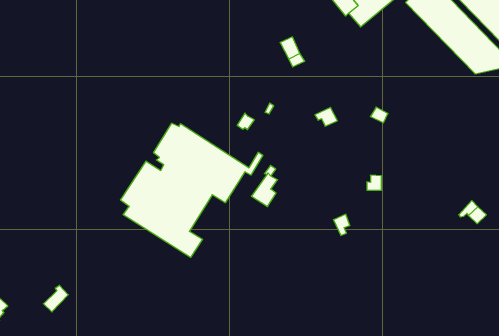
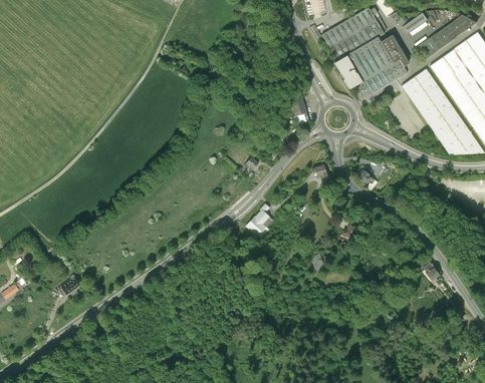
building: [121,123,263,257] -> none

